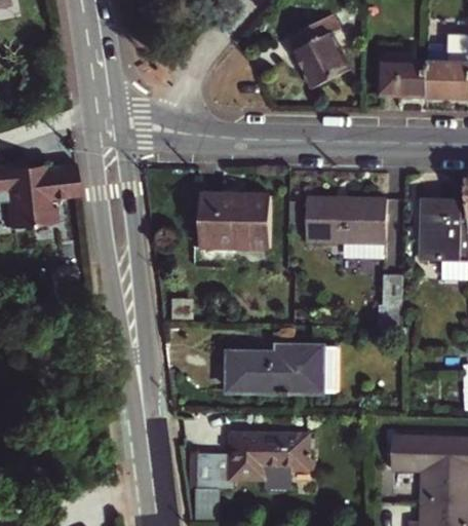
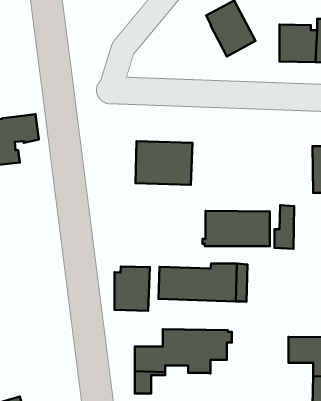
building: [301,198,385,242] -> [202,211,270,246]
building: none -> [115,267,150,311]

